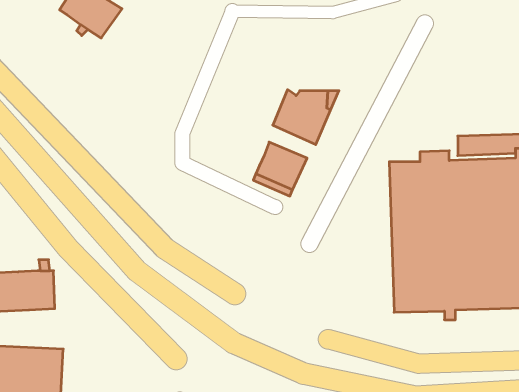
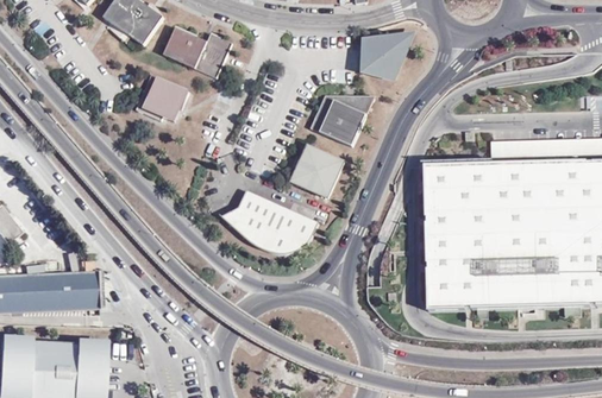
building: none -> [168,31,232,78]
building: none -> [365,36,413,81]
building: none -> [138,76,190,121]
building: none -> [220,191,319,257]

